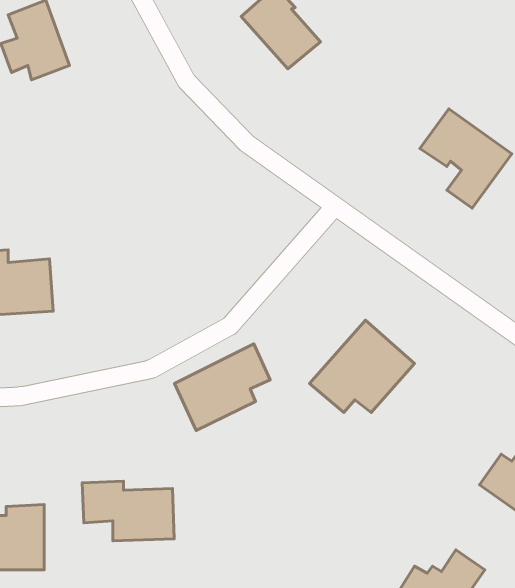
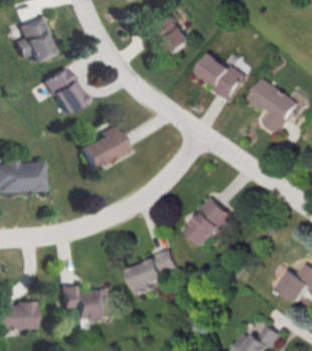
building: none -> [195,54,245,101]
building: none -> [41,67,82,114]
building: none -> [75,126,126,168]
building: [174,344,270,430] -> [126,248,179,297]

